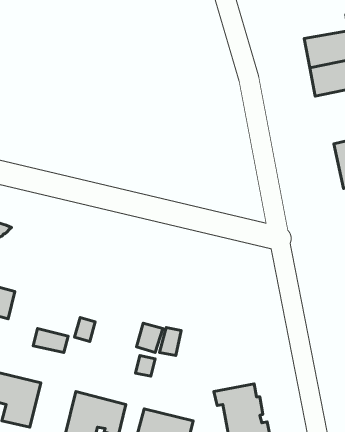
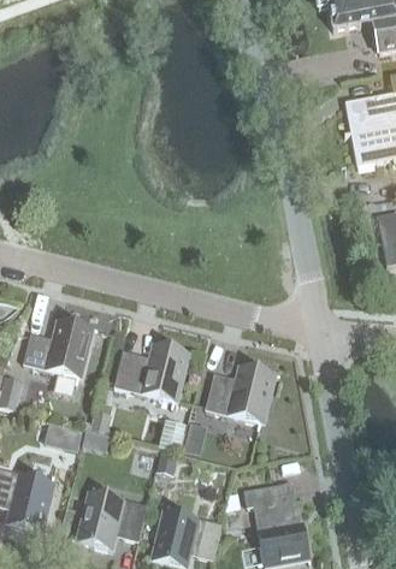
building: none -> [23,318,90,375]
building: none -> [114,342,187,399]
building: none -> [205,363,272,421]

